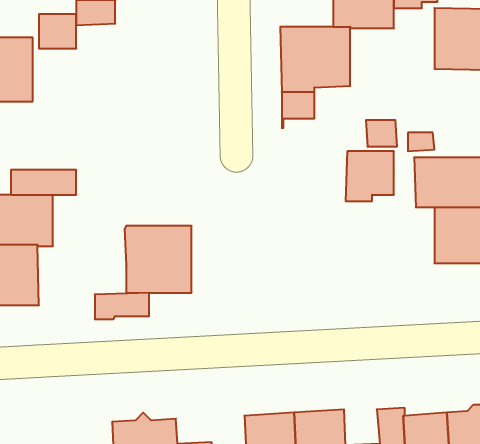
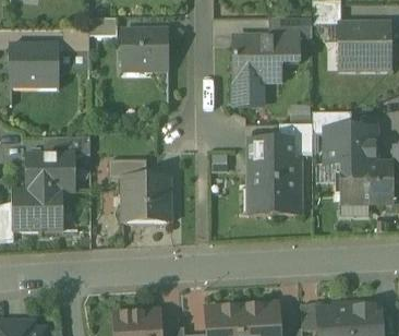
building: none -> [122,29,168,67]
building: none -> [247,158,297,214]
building: [95,293,149,319] -> [110,159,148,178]

